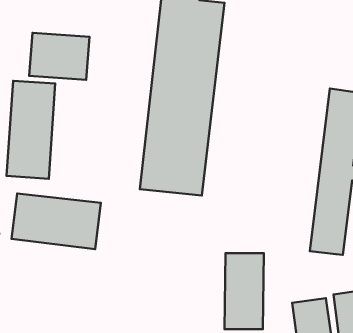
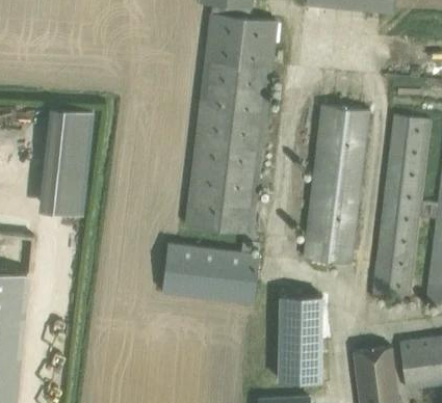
building: [29,33,90,80] -> none
building: none -> [304,105,369,264]
building: [11,194,101,249] -> [161,244,260,305]

